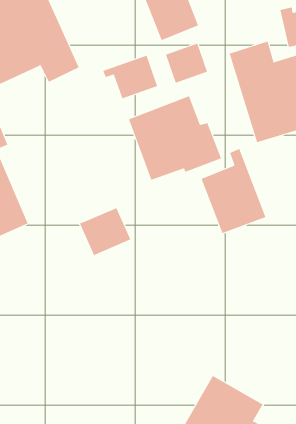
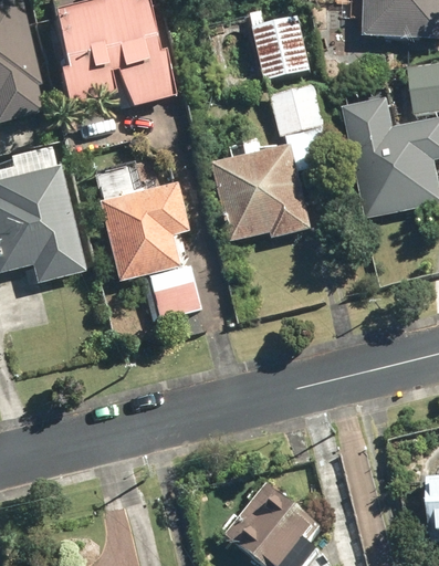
building: [103,55,158,99] -> none
building: none -> [94,180,185,281]
building: [201,148,266,234] -> none

